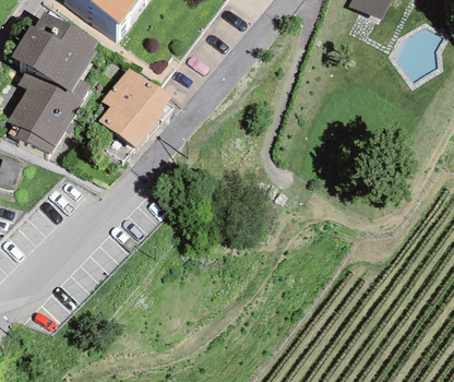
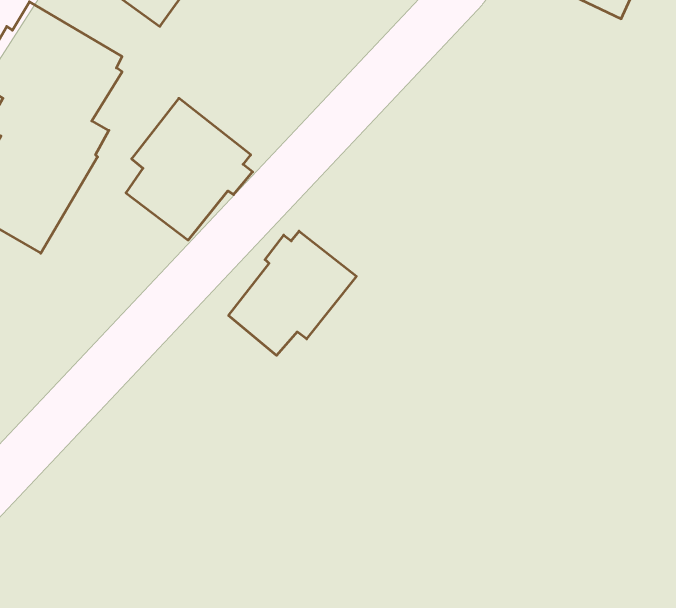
building: none -> [229,231,356,355]

